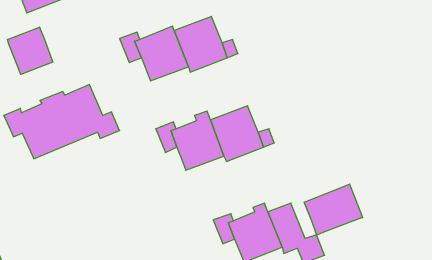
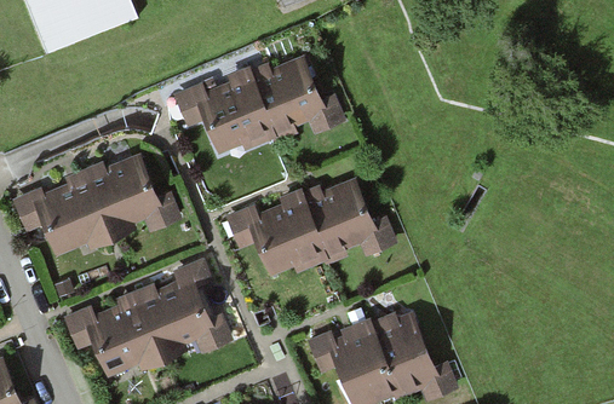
building: [7,27,53,74] -> none
building: none -> [70,261,229,376]
building: [304,184,363,235] -> none

